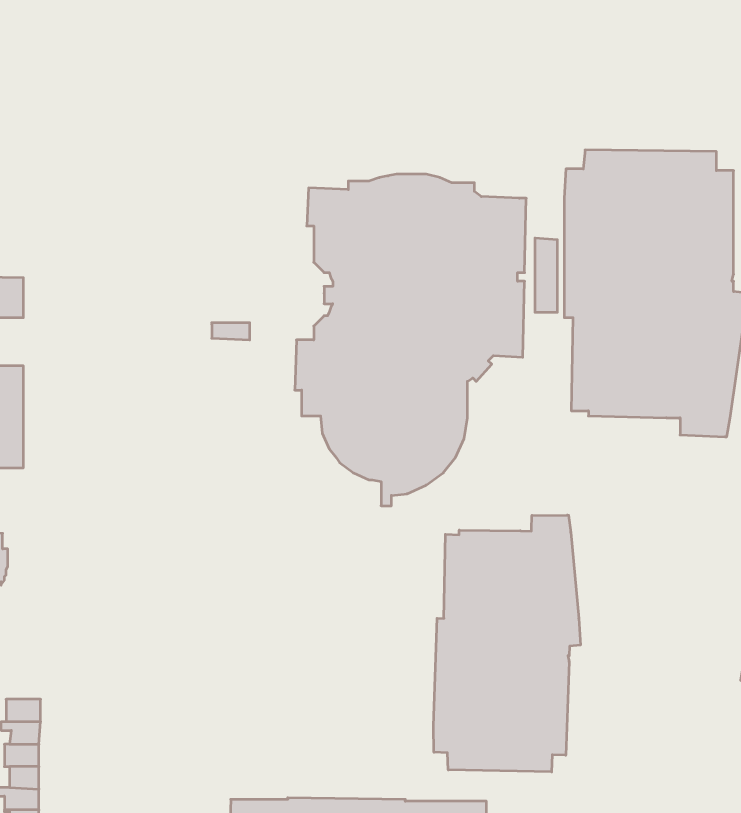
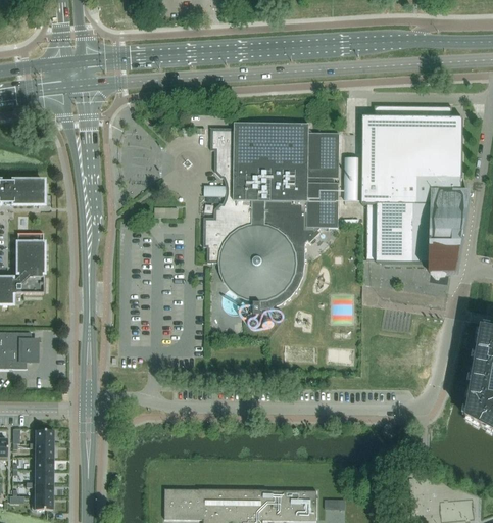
building: [433,515,580,772] -> none

